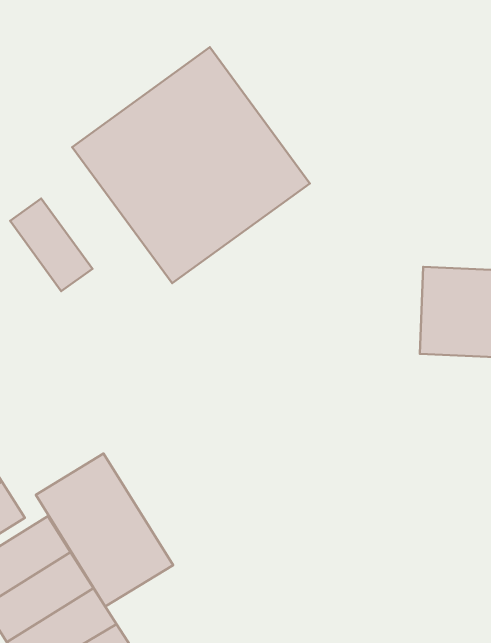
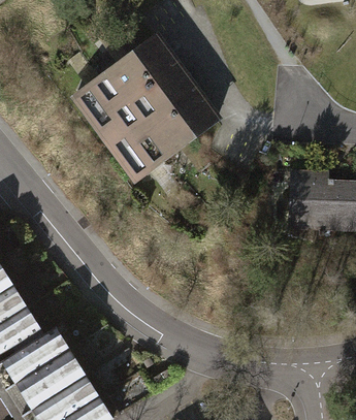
building: [10,199,92,291] -> none
building: [36,453,173,607] -> none

